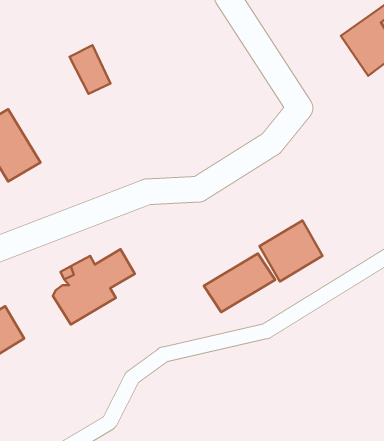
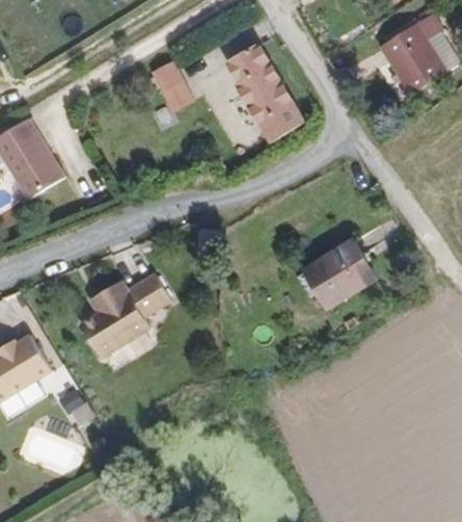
building: none -> [229,45,307,142]
building: [70,45,111,94] -> [152,57,196,110]
building: [204,254,275,312] -> none

